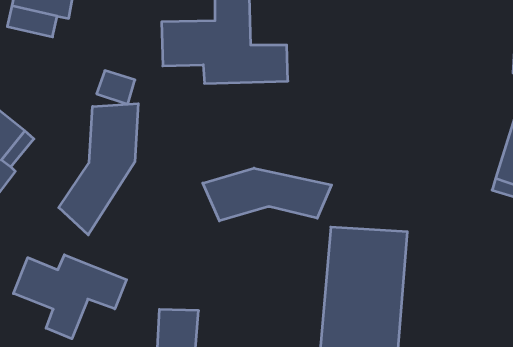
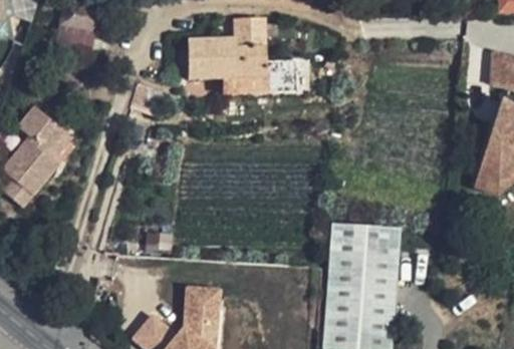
building: [59,104,138,235] -> none
building: [203,168,332,221] -> none
building: [13,255,127,339] -> none

